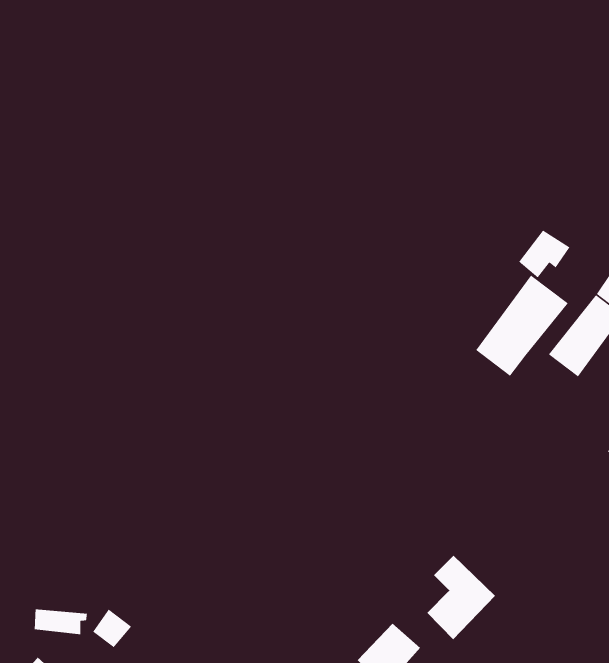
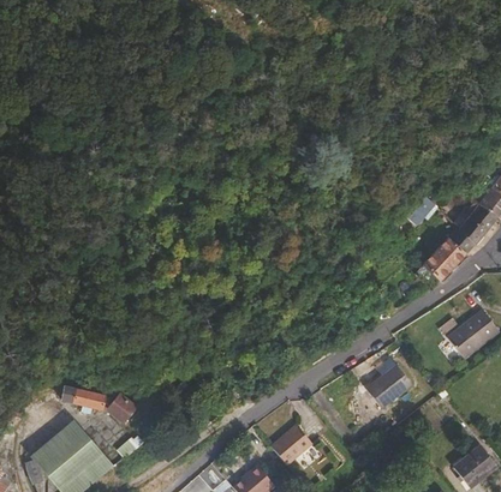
building: [475,274,569,377] -> none
building: [426,555,496,640] -> [365,356,410,409]

